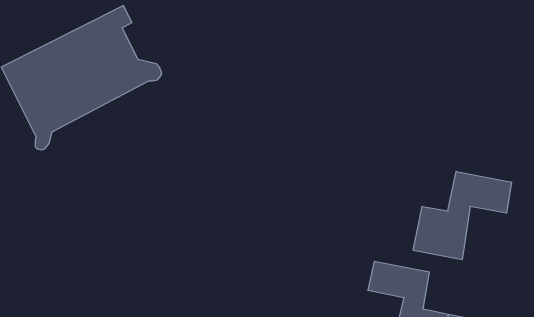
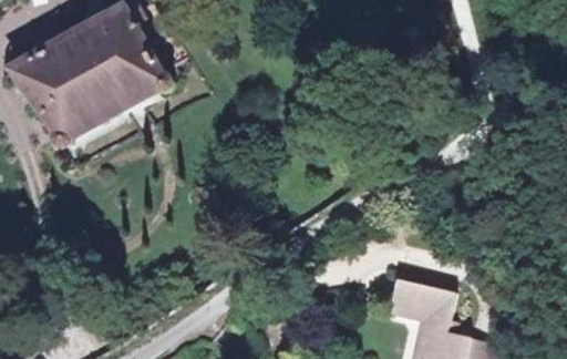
building: [413,171,512,260] -> none

